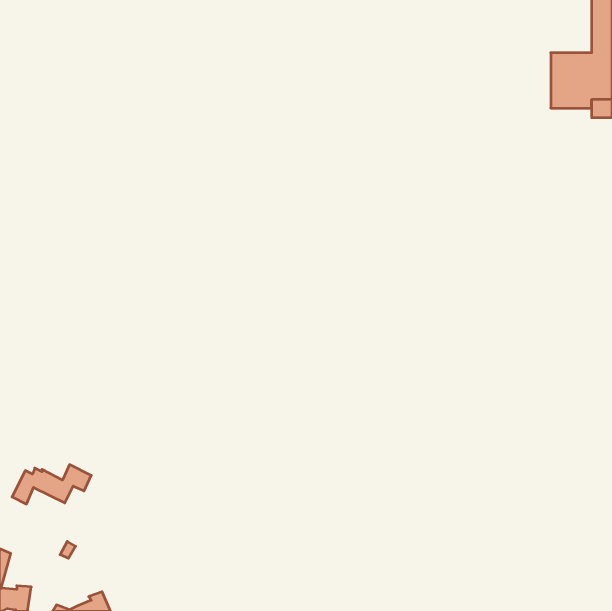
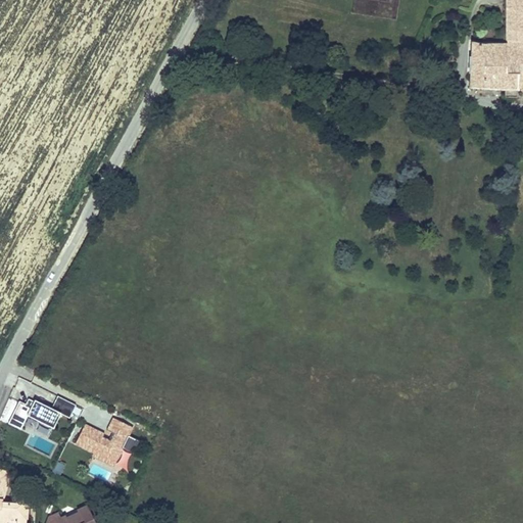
building: none -> [78,419,140,466]

